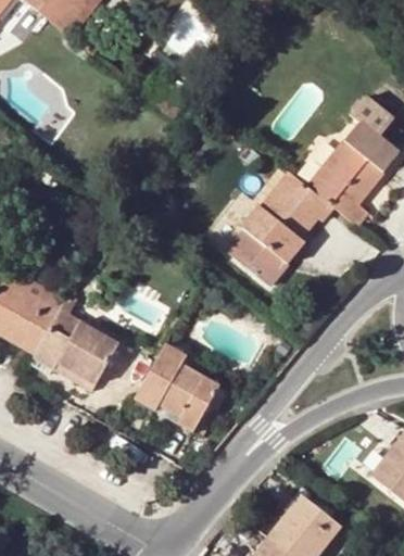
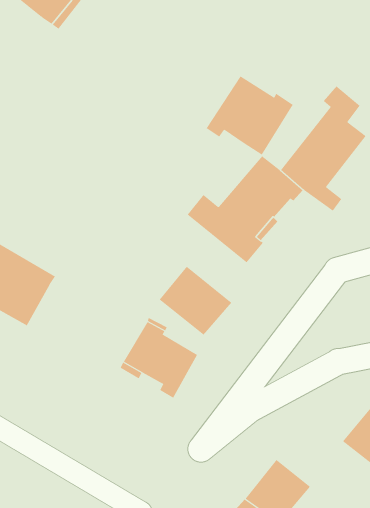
building: none -> [206,75,294,156]
building: none -> [159,266,232,335]
building: [35,309,119,391] -> none

